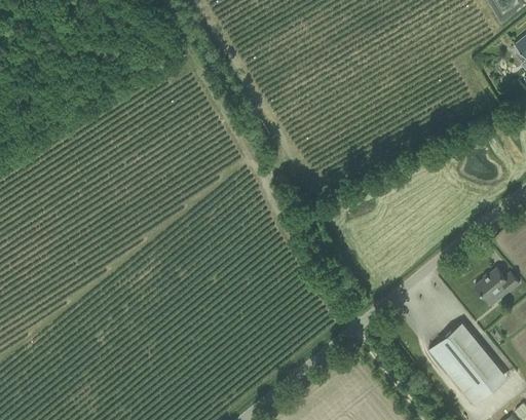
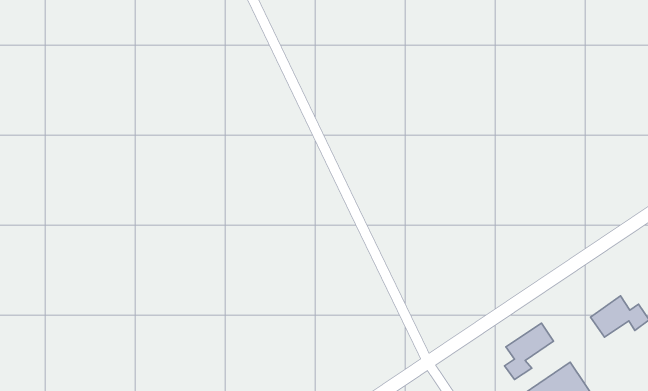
building: none -> [505,323,553,379]

